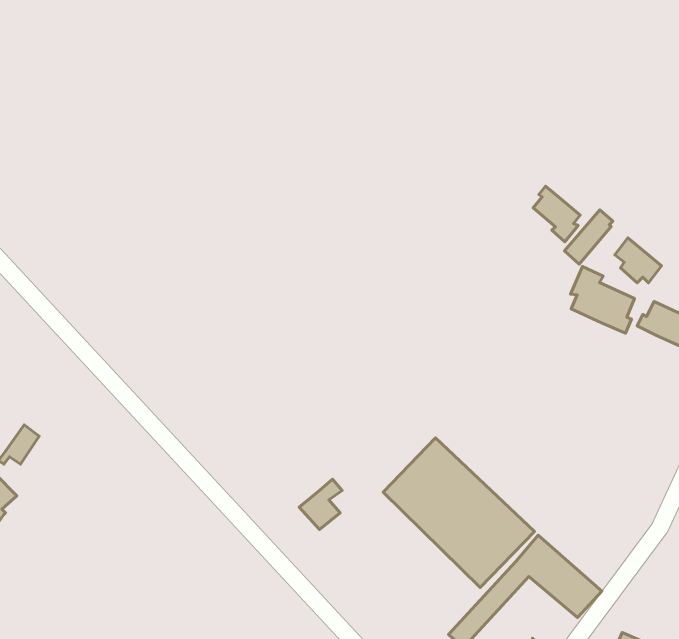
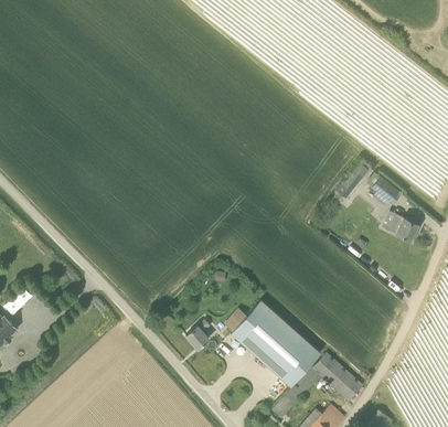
building: [533,186,580,242] -> none
building: [571,266,635,333] -> none

